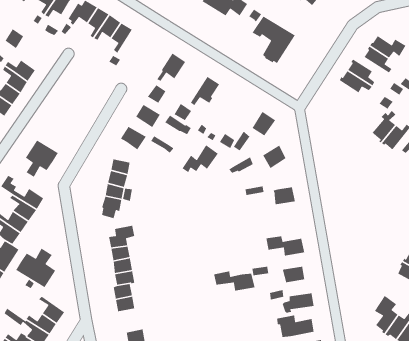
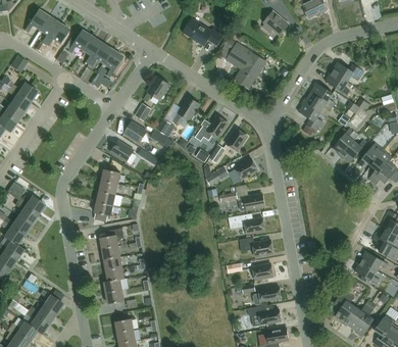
building: none -> [298,101,322,136]
building: [25,139,59,178] -> none
building: [182,144,219,173] -> [196,115,229,141]
building: [15,248,56,288] -> none
building: [213,270,255,291] -> [229,215,265,234]

